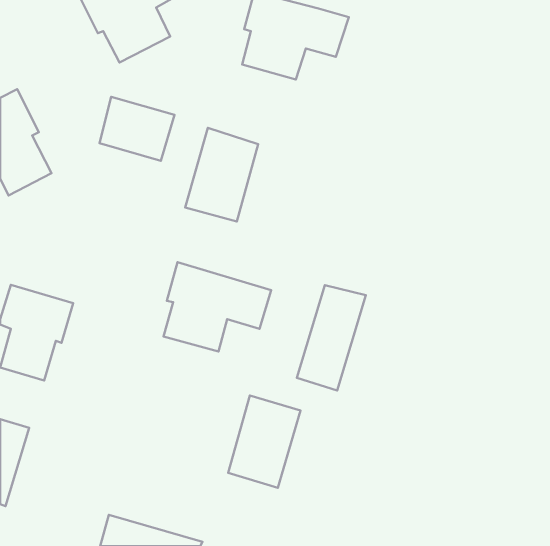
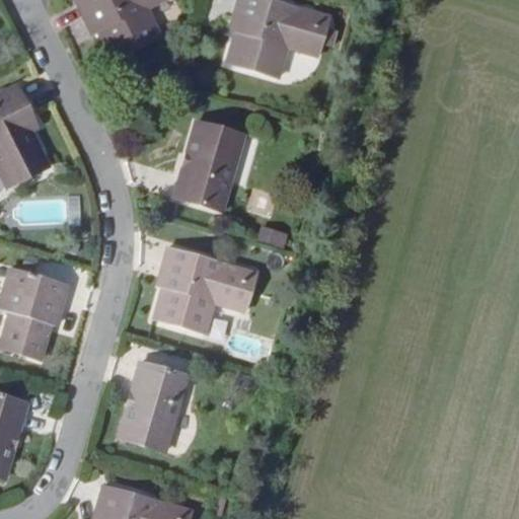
building: [99,97,174,161] -> none
building: [297,285,366,391] -> none
building: [228,395,300,488] -> [119,363,187,450]

